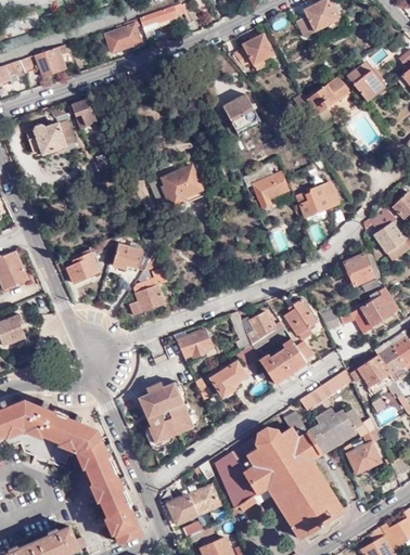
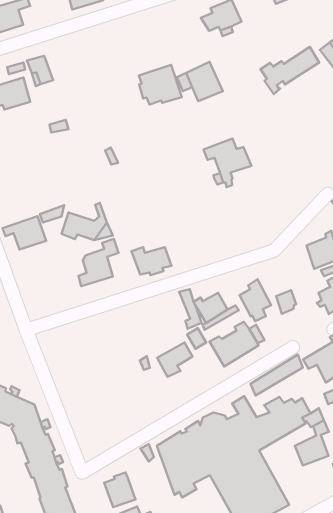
building: [161,166,203,205] -> [139,65,182,105]
building: [297,184,338,217] -> none
building: [174,330,213,357] -> [131,247,172,275]
building: [137,386,191,446] -> none
building: [189,485,220,514] -> none

